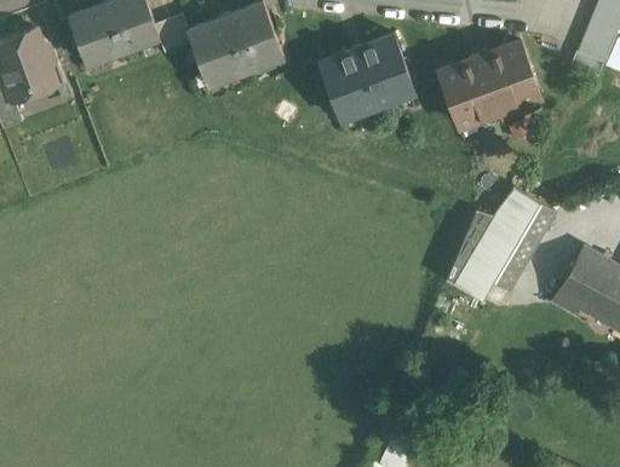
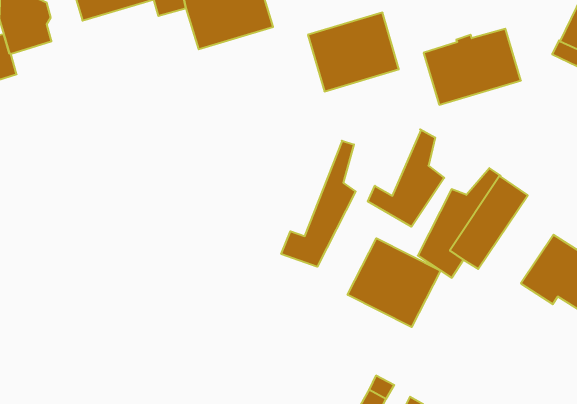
building: none -> [368,129,444,227]
building: none -> [281,141,356,267]
building: none -> [348,238,440,327]

